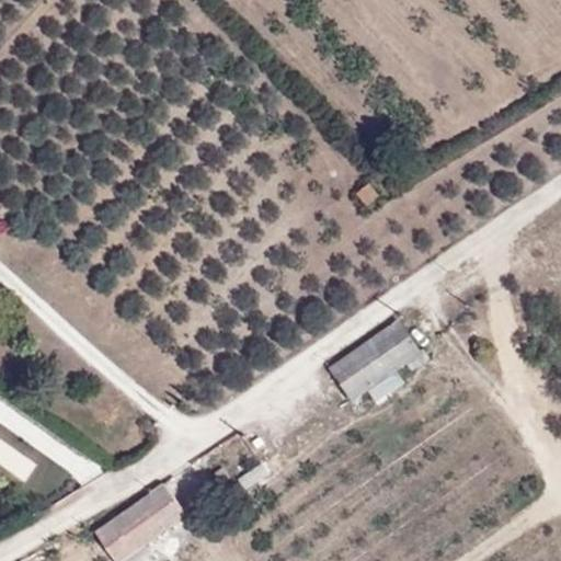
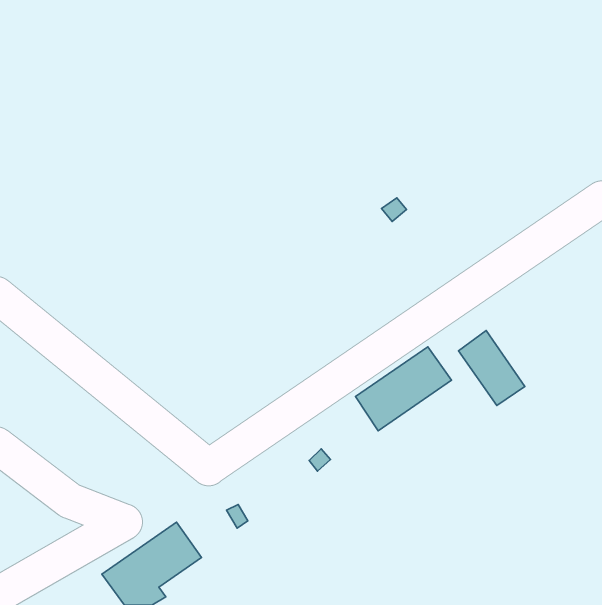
building: none -> [459,331,525,405]

